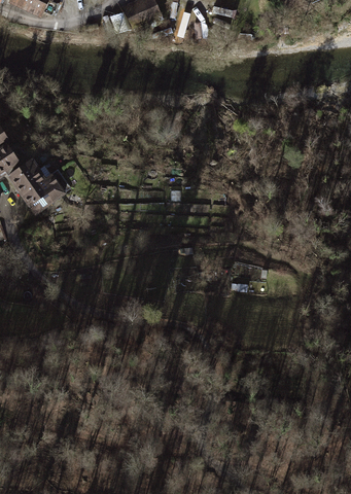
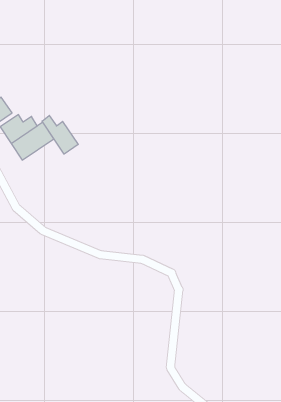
building: none -> [42,115,78,154]

